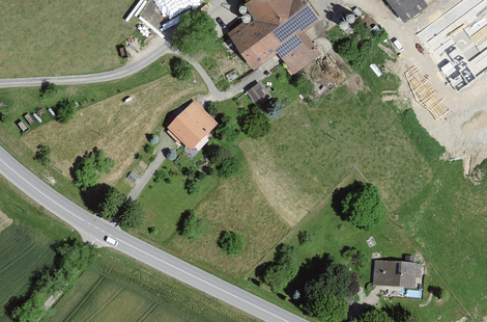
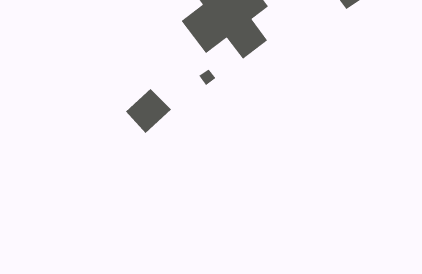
building: [371,263,423,291] -> none

